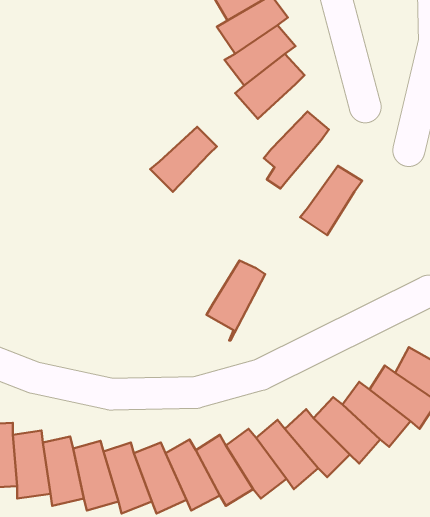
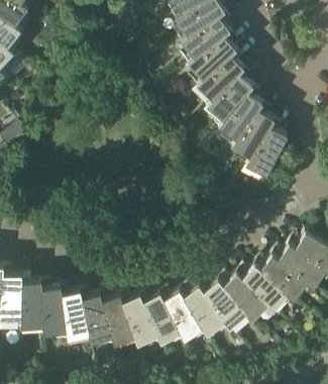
building: [150,127,217,192] -> [198,58,242,101]
building: none -> [219,95,261,140]
building: [206,261,265,341] -> [246,129,286,183]

